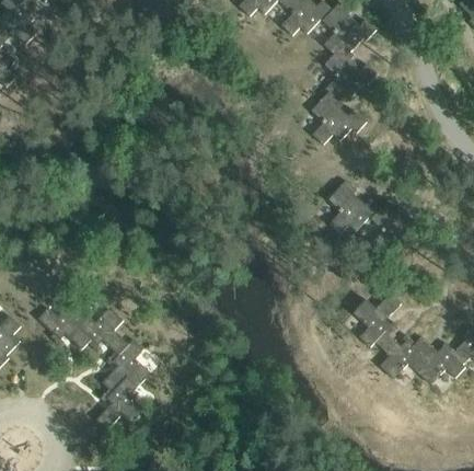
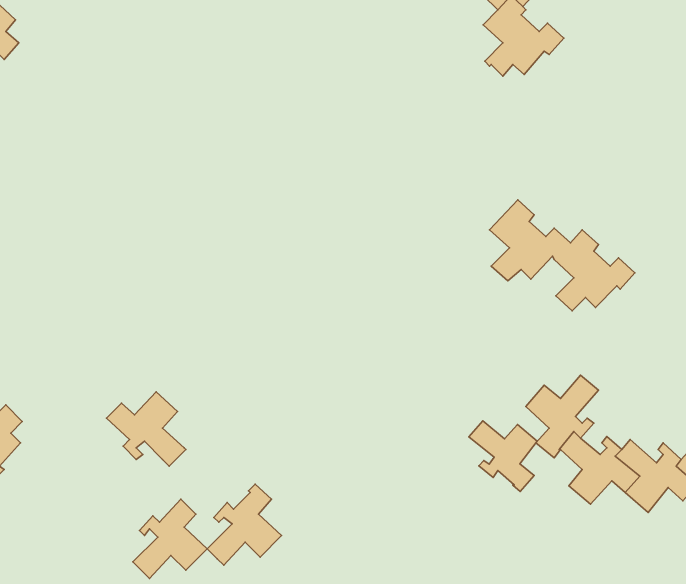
building: [311,89,367,142] -> none
building: [36,299,90,348] -> none
building: none -> [469,421,537,492]
building: [99,338,148,392] -> [207,484,282,565]

